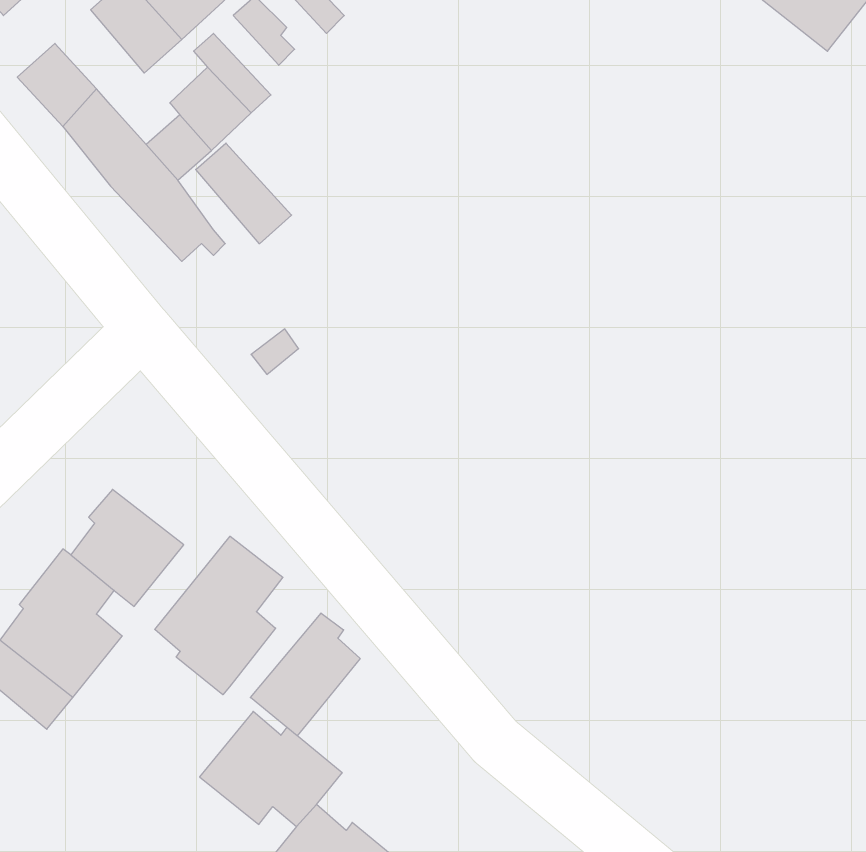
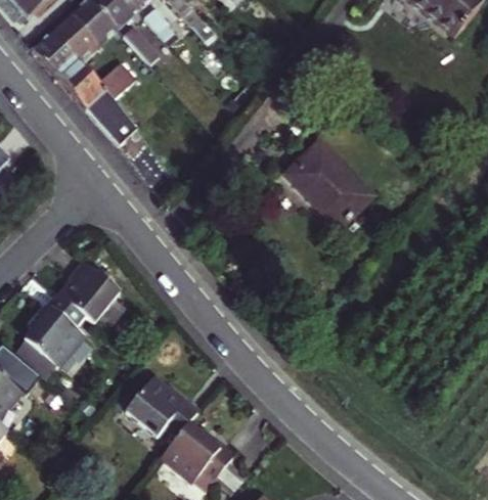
building: none -> [52,13,98,62]
building: [196,143,292,244] -> none
building: none -> [284,140,372,229]
building: [155,536,283,695] -> none
building: [250,613,360,736] -> none

